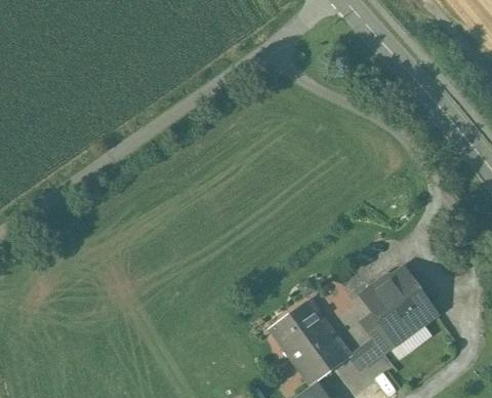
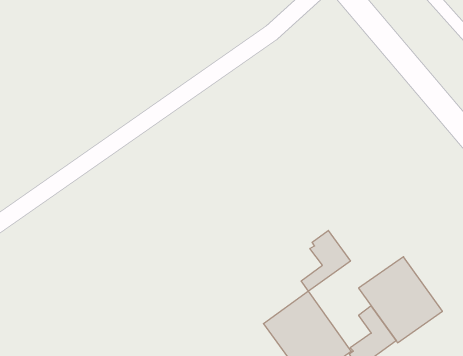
building: none -> [301,230,350,291]

